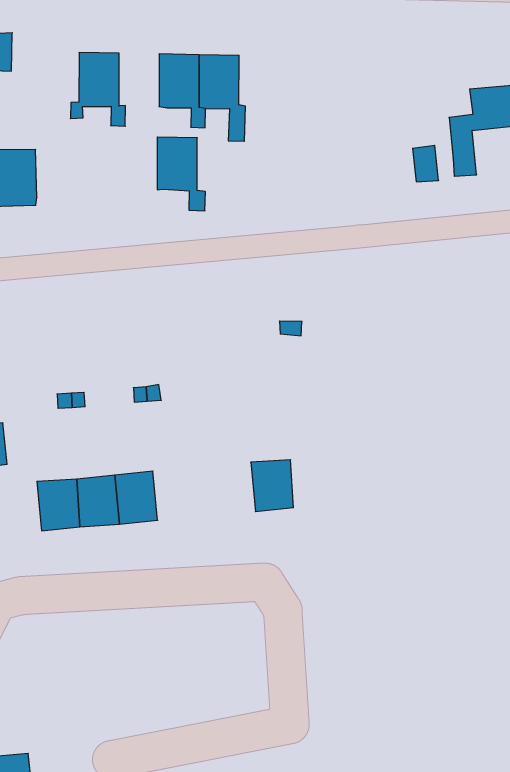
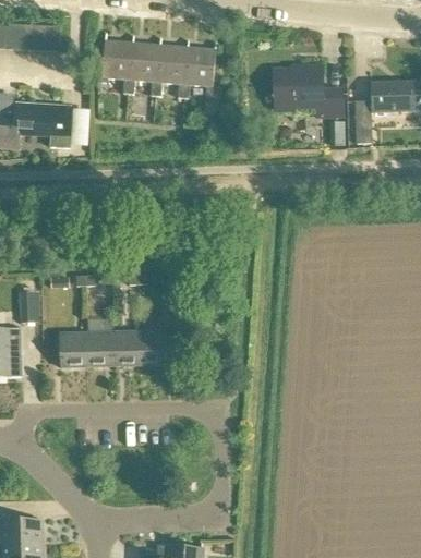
building: none -> [273,65,342,117]
building: [157,137,205,211] -> [131,44,164,96]
building: [251,460,293,512] -> [139,330,166,364]

